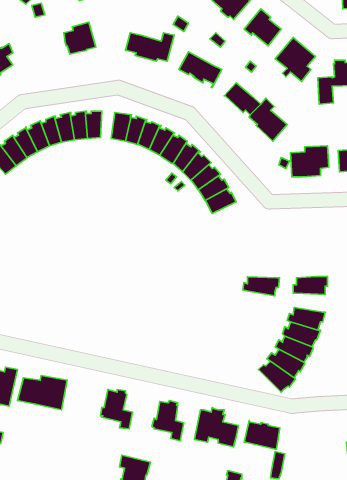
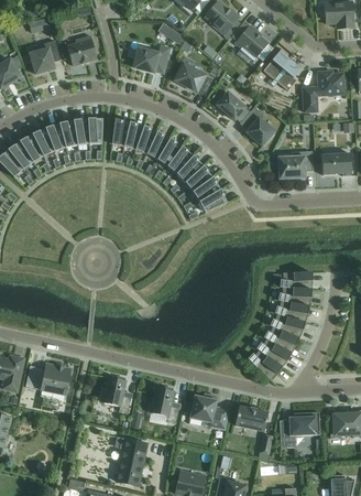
building: none -> [30,40,61,74]
building: [243,277,280,296] -> [277,287,311,304]
building: none -> [278,411,319,446]

